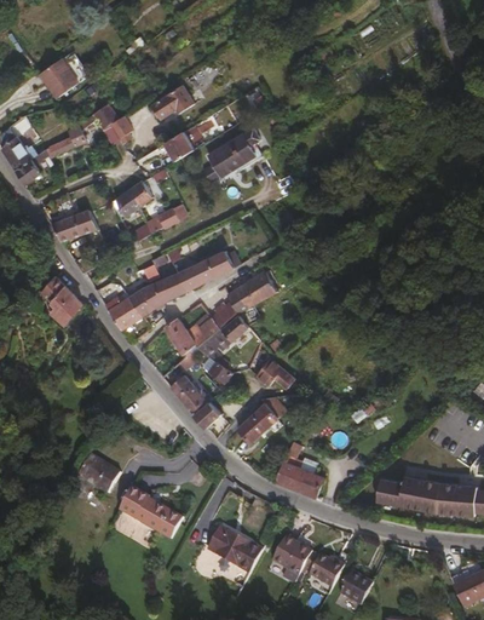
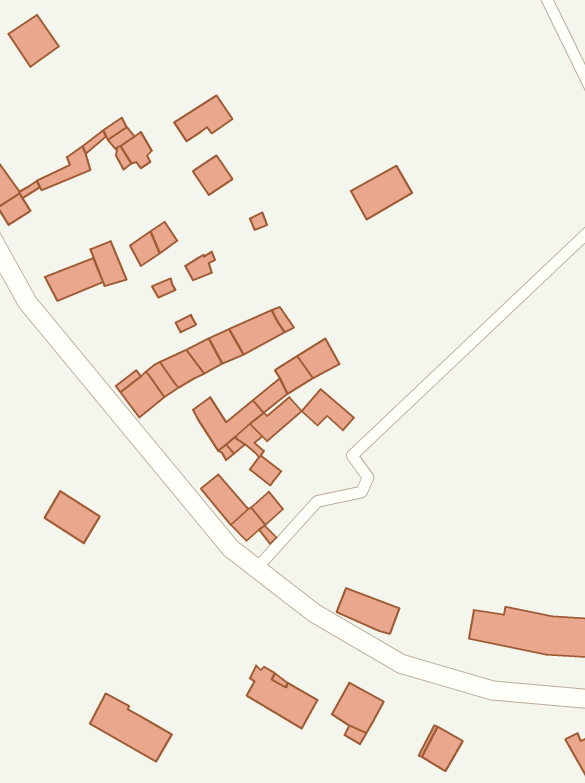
building: [40,58,79,98] -> [8,15,59,67]
building: [211,136,258,177] -> [351,166,412,220]
building: none -> [90,241,126,286]
building: [36,276,81,325] -> none
building: [255,357,295,389] -> [302,389,354,430]
building: [237,403,278,442] -> none
building: [76,452,119,492] -> [45,491,100,543]
building: [119,484,182,536] -> [90,694,172,761]
building: [302,549,346,585] -> none

